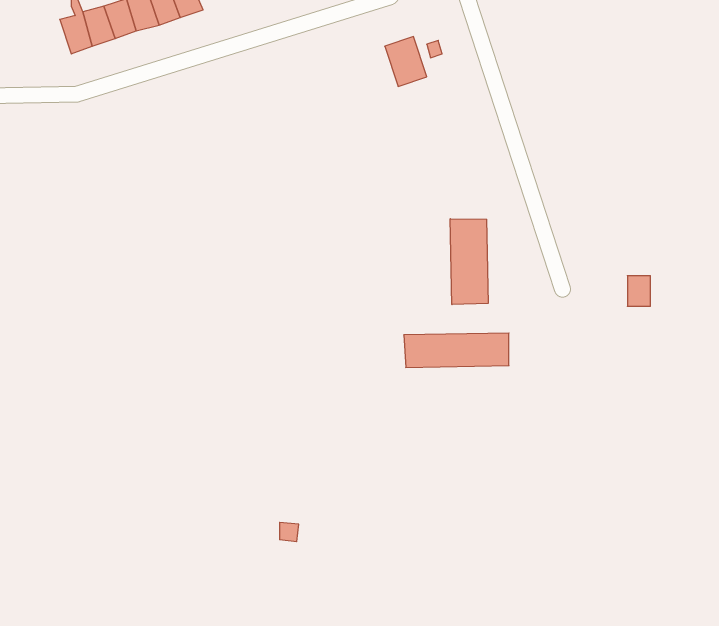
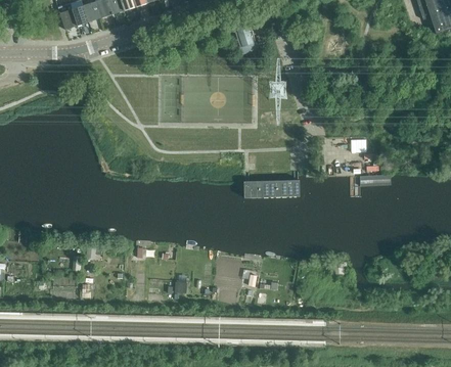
building: [450,219,488,305] -> none

